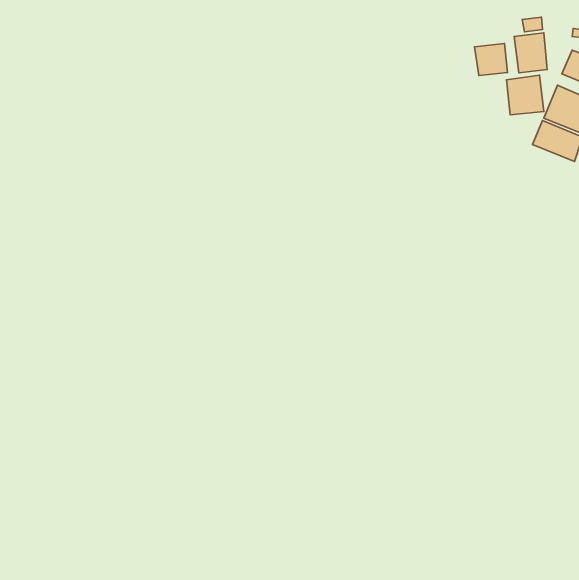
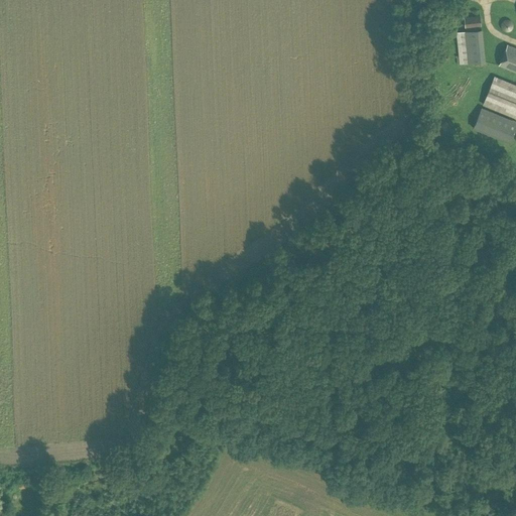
building: [475,43,507,76] -> none
building: [506,75,544,115] -> none

